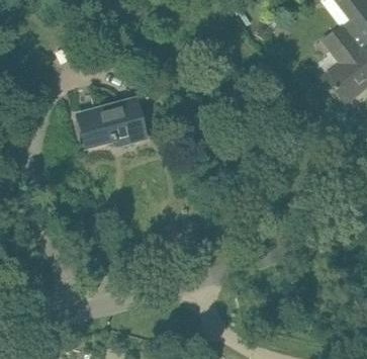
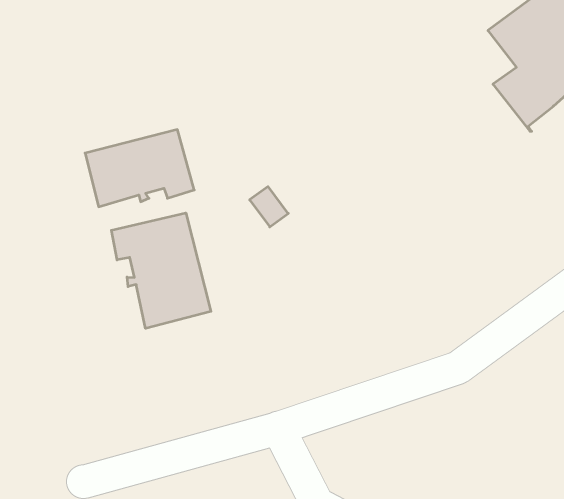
building: none -> [111,213,211,328]

